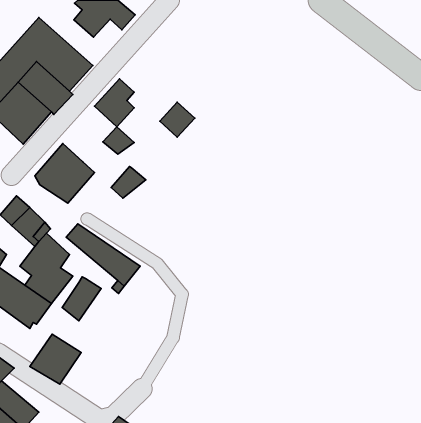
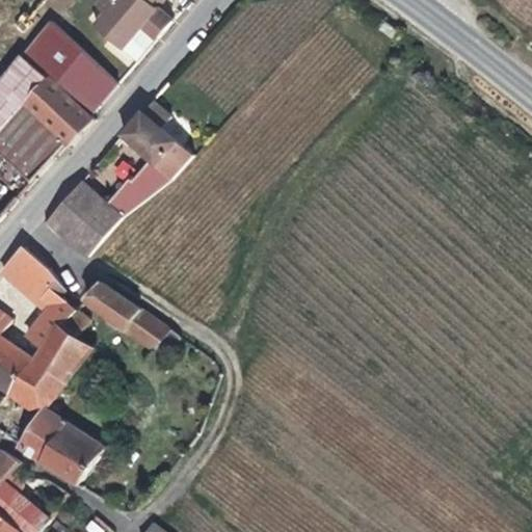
building: [160,102,195,137] -> [147,136,190,180]
building: [111,167,146,198] -> [104,178,148,217]
building: [62,277,101,321] -> [17,405,65,460]

